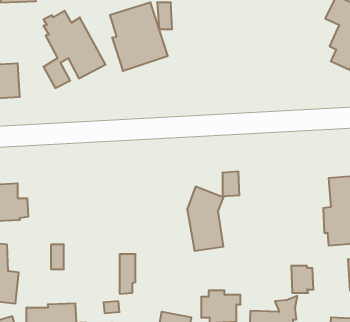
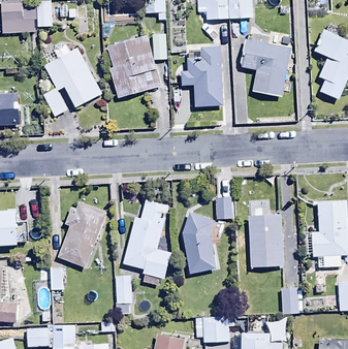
building: none -> [241,36,290,97]
building: none -> [170,46,222,108]
building: none -> [123,199,170,286]
building: none -> [58,201,106,267]
building: none -> [248,214,284,267]

